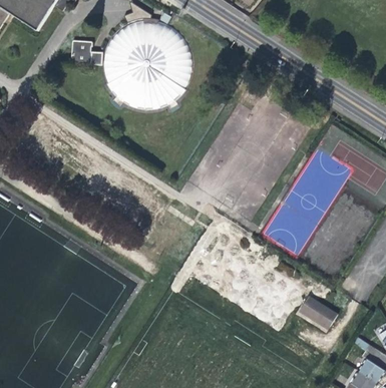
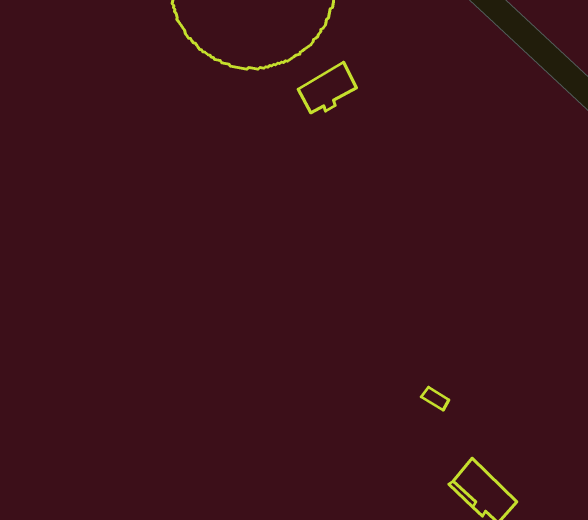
building: none -> [298,62,356,113]

